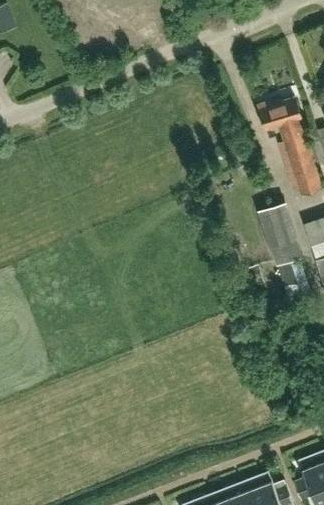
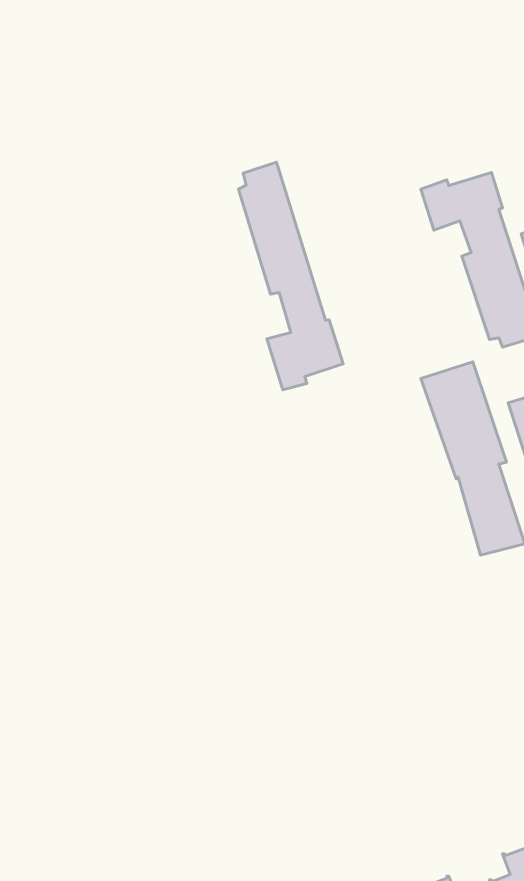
building: none -> [239,162,343,390]

